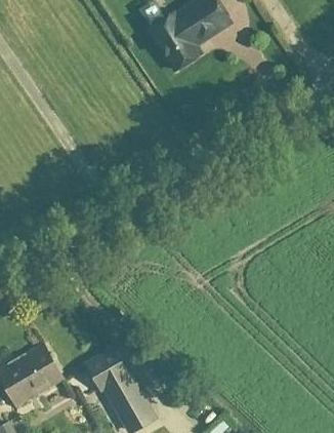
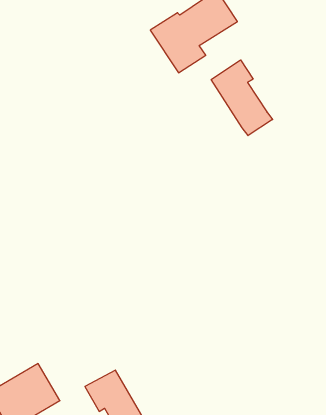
building: none -> [211,60,273,136]

